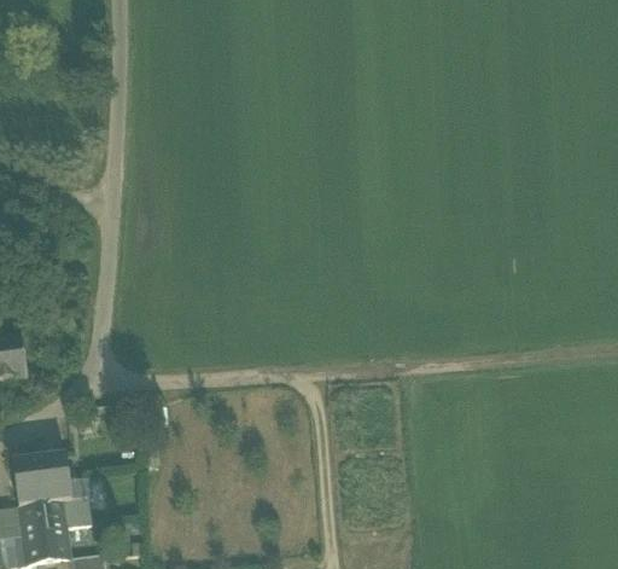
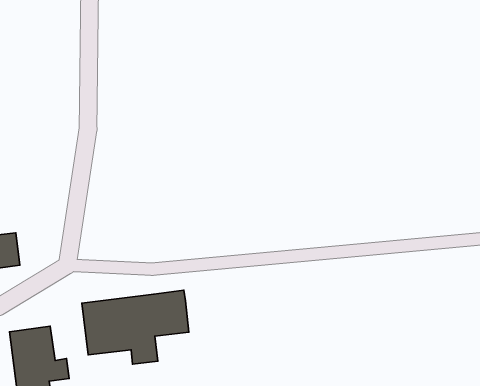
building: none -> [82,290,189,364]

